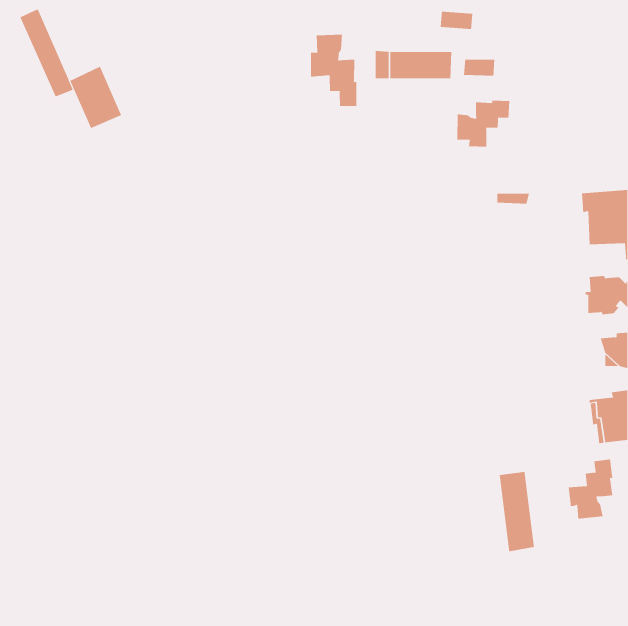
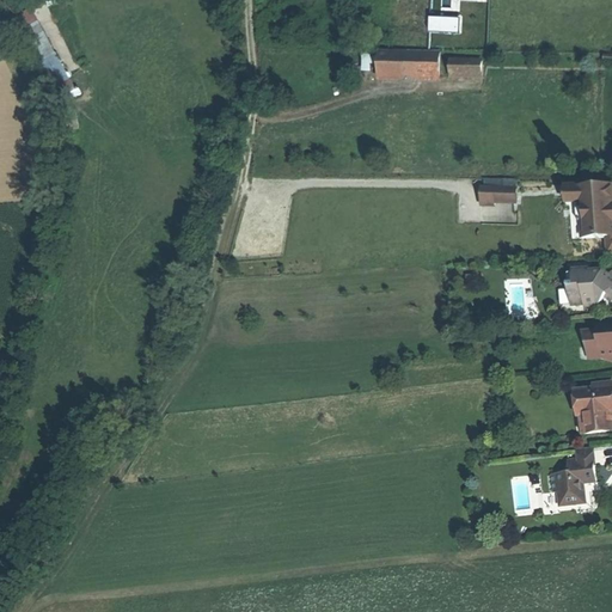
building: [311,34,357,107] -> none
building: [70,66,122,129] -> none
building: [457,100,510,148] -> none
building: [499,471,534,552] -> none

